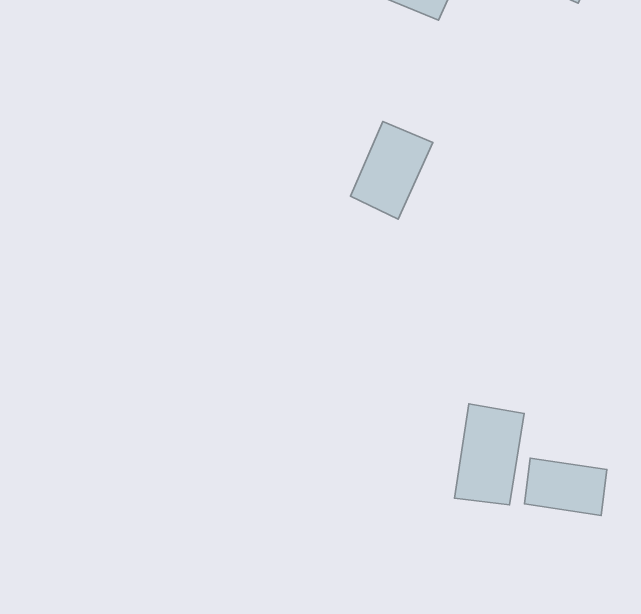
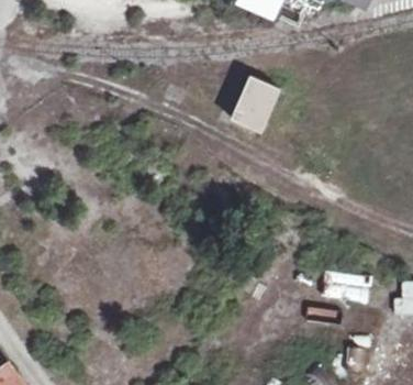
building: [455,404,524,505] -> none

